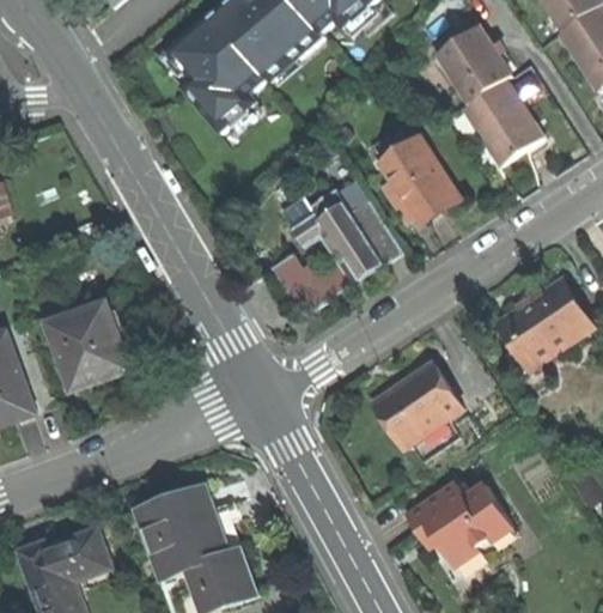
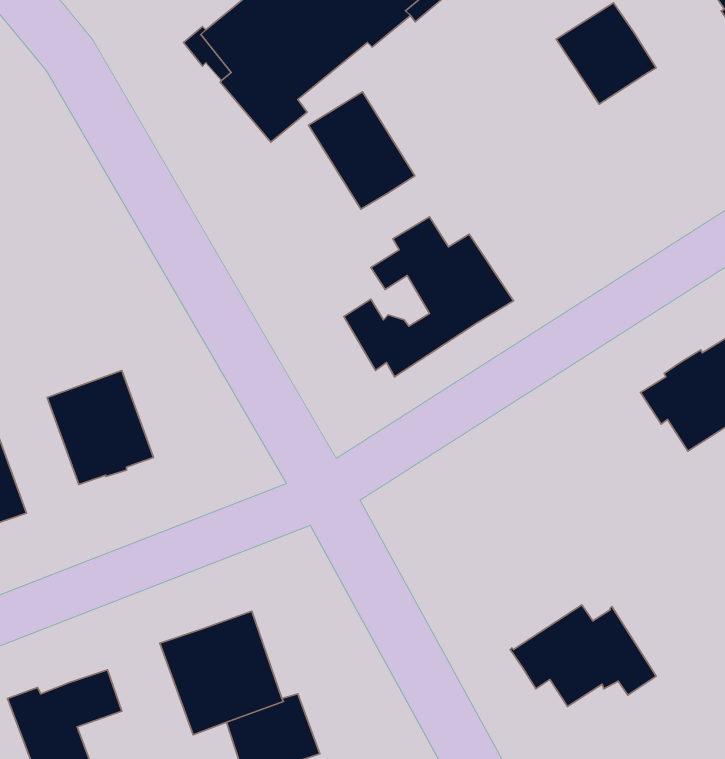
building: [461,79,542,165] -> none
building: [378,132,458,220] -> [309,92,415,209]
building: [384,357,473,439] -> none

